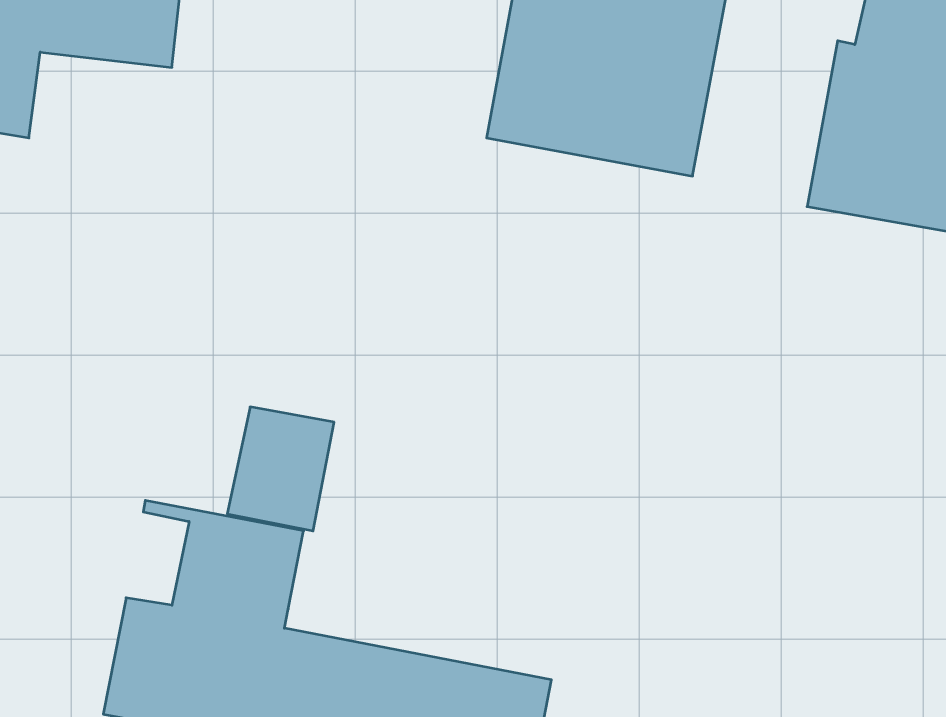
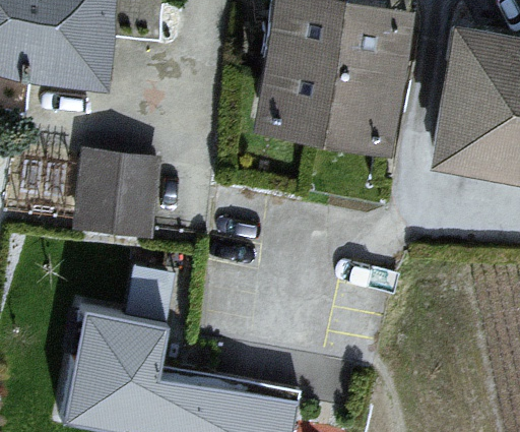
building: none -> [78,157,151,231]

